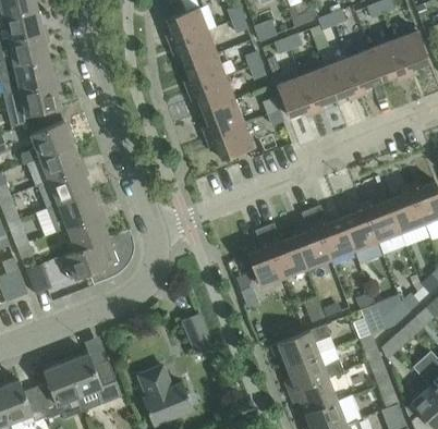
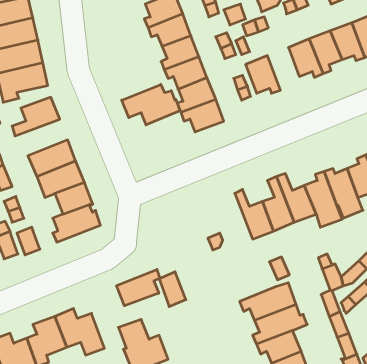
building: [301,68,336,114] -> none
building: none -> [122,84,180,125]
building: [27,146,82,186] -> none
building: [247,228,284,287] -> none
building: none -> [117,269,160,306]

